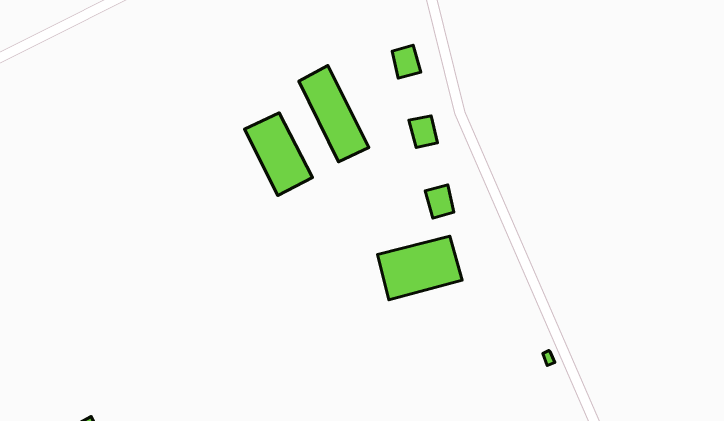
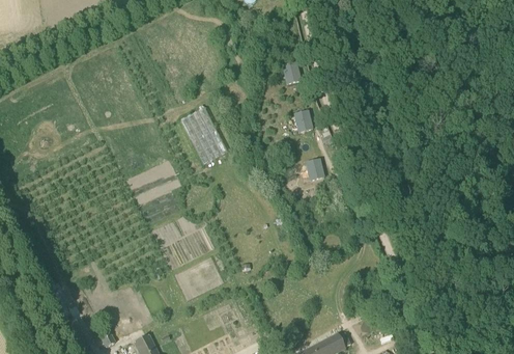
building: [299,66,369,162] -> none
building: [378,236,462,300] -> none

